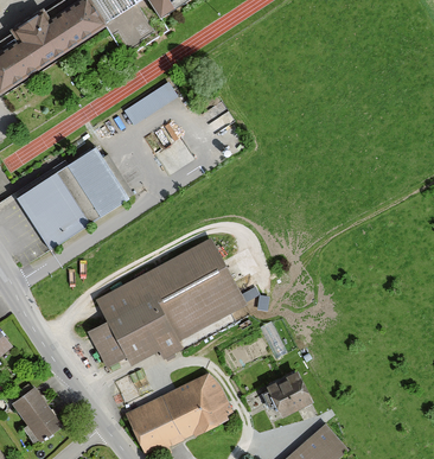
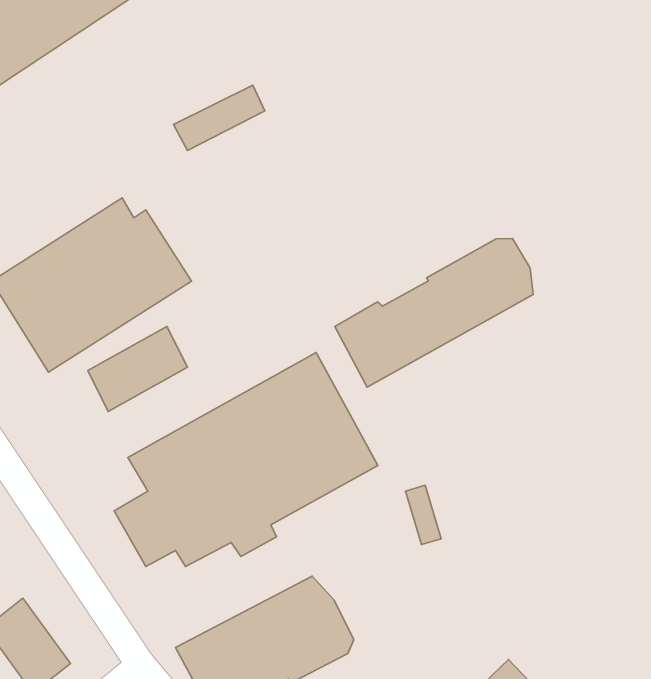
building: none -> [335,238,533,387]
building: none -> [88,326,187,411]
building: [266,371,312,419] -> none

